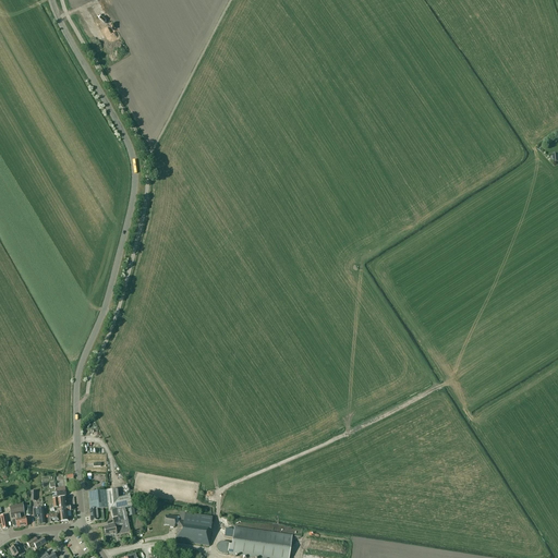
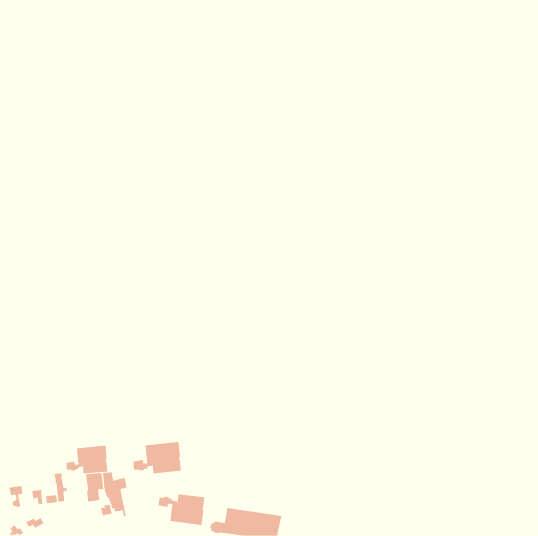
building: none -> [133,441,181,474]
building: none -> [66,445,108,474]

